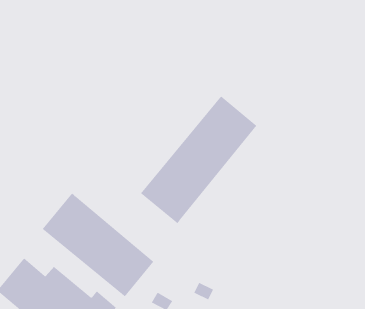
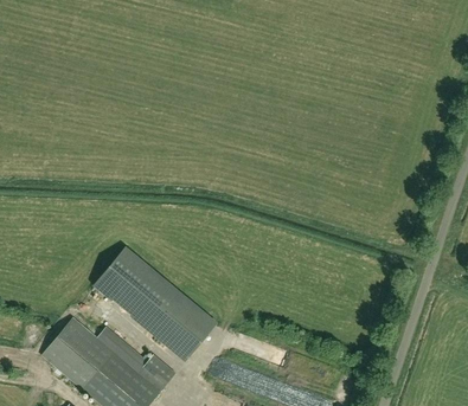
building: [140,95,257,224] -> none

